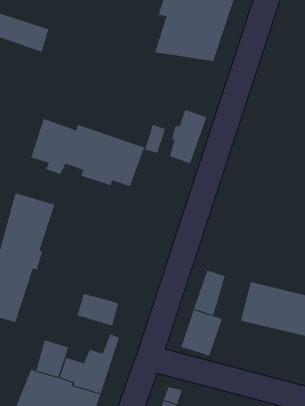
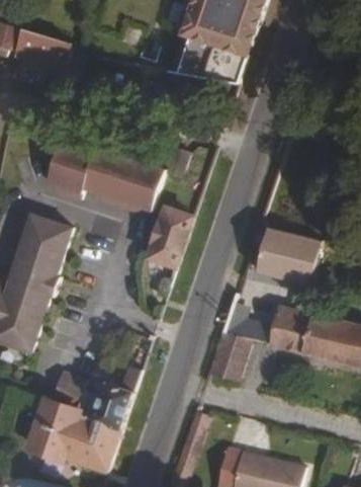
building: [169,109,207,164] -> [152,207,191,263]
building: none -> [250,222,323,291]
building: [77,293,119,327] -> none

